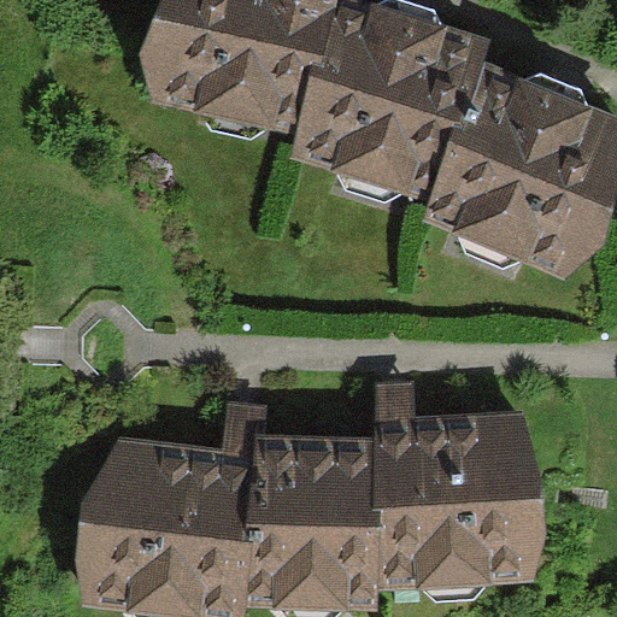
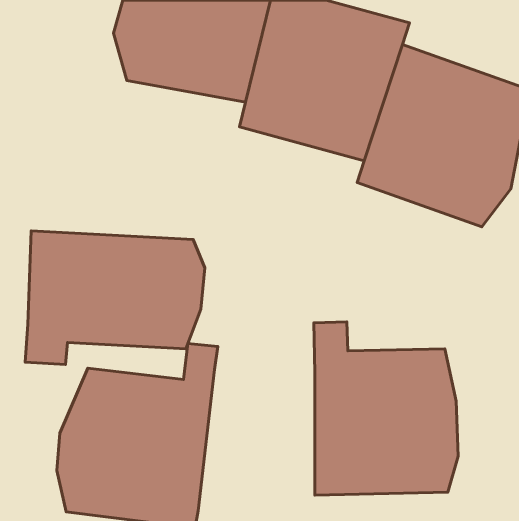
building: none -> [25,231,205,364]
building: [241,439,377,610] -> none

